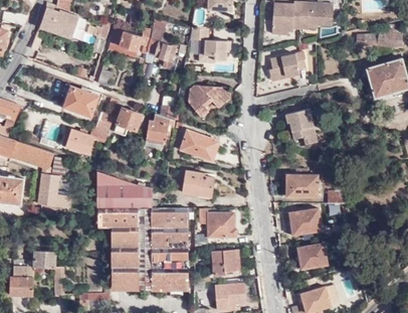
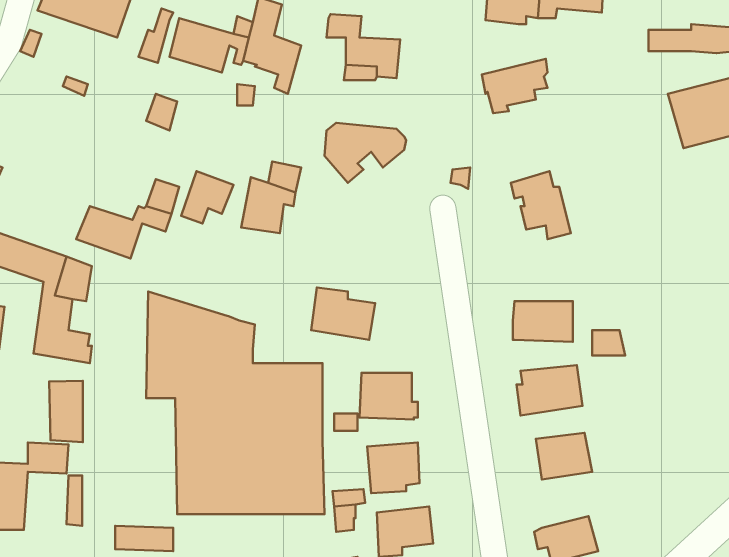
building: [60,84,97,117] -> none
building: [181,130,218,158] -> none
building: none -> [49,381,83,442]

